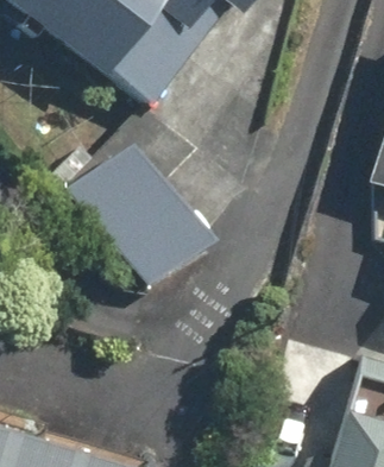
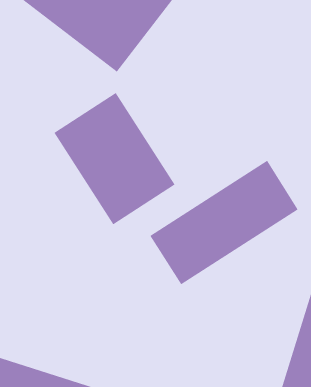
building: none -> [150,160,299,285]

